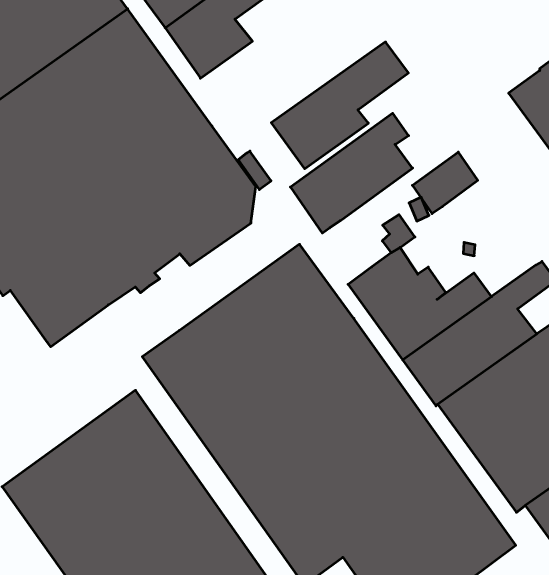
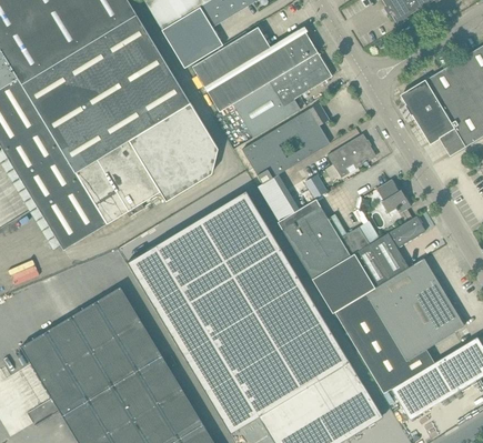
building: none -> [192,27,318,112]
building: none -> [376,180,411,213]
building: none -> [256,177,295,222]

